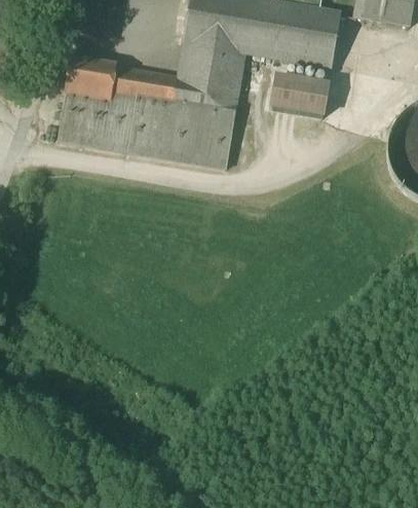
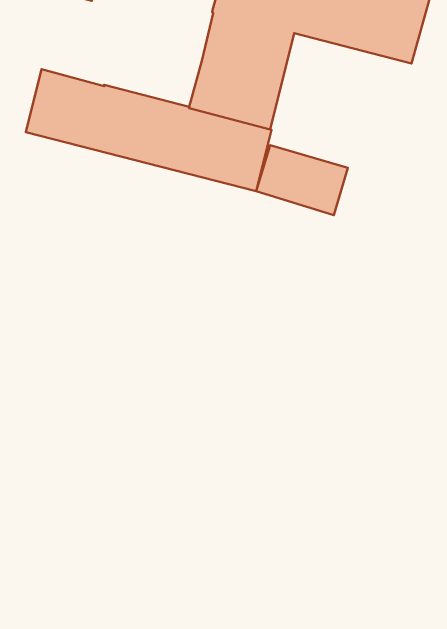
building: [66,57,181,109] -> none
building: [257,72,321,118] -> [256,145,348,215]

